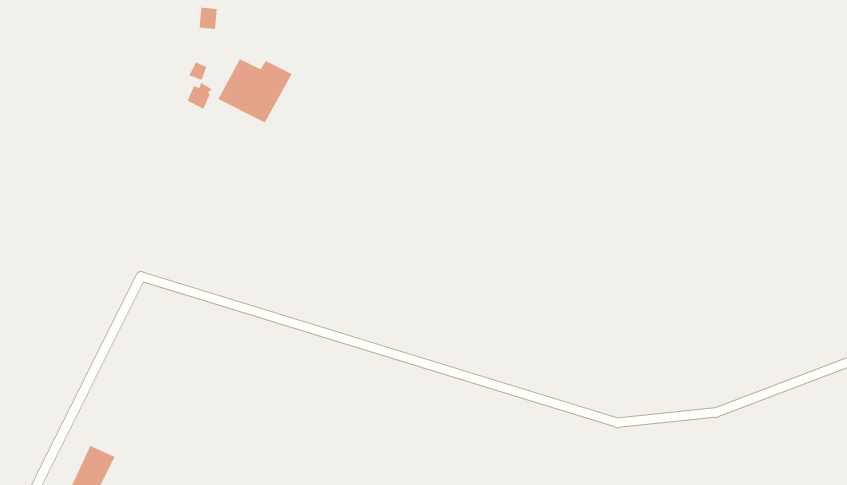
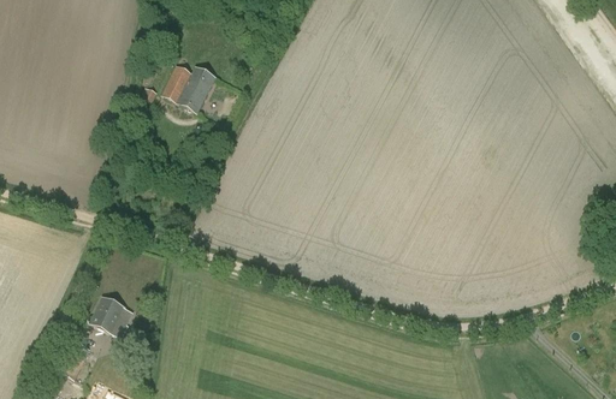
building: none -> [91,296,130,335]

